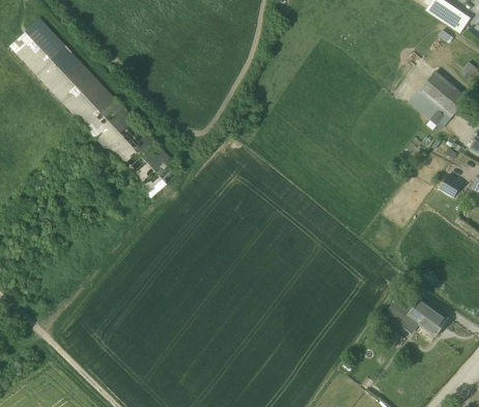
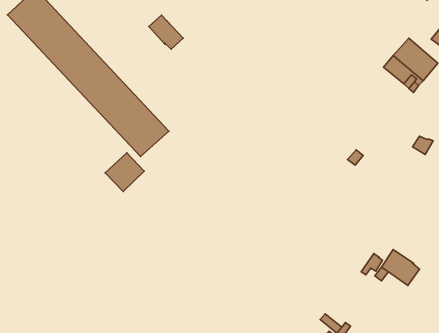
building: none -> [149,15,183,49]
building: none -> [105,153,144,191]

